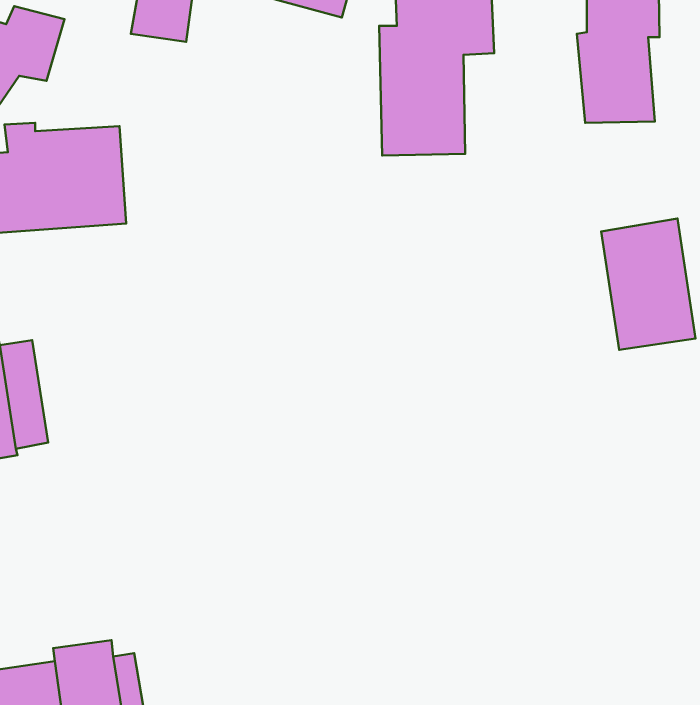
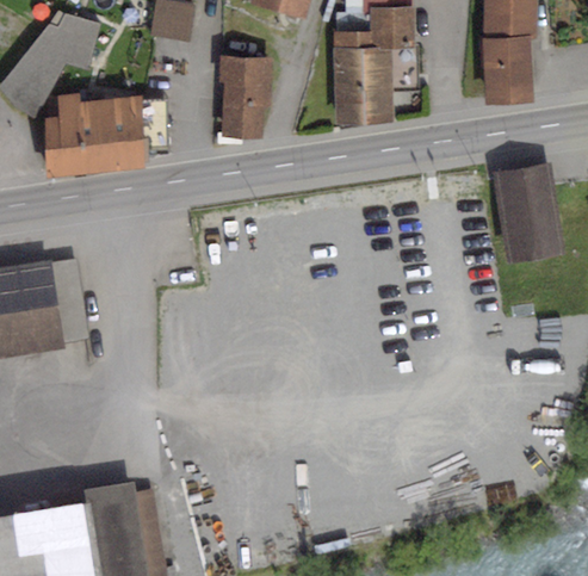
building: none -> [218,52,272,137]

